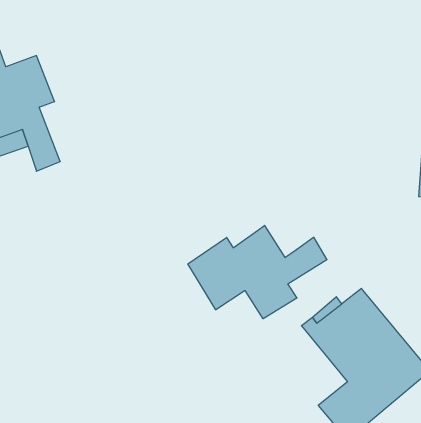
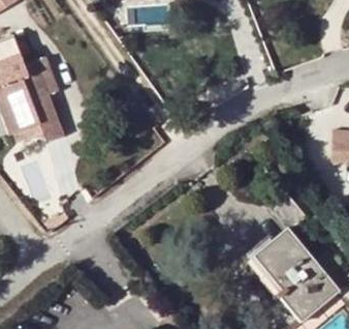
building: [188,225,327,319] -> none

